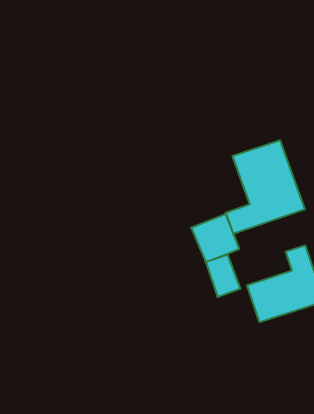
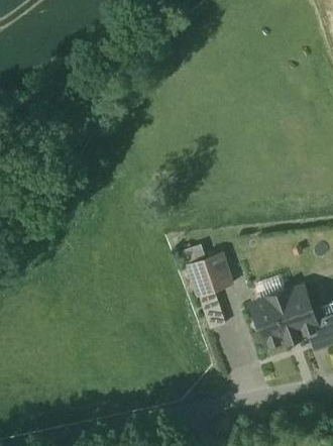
building: [226,140,305,234] -> none

